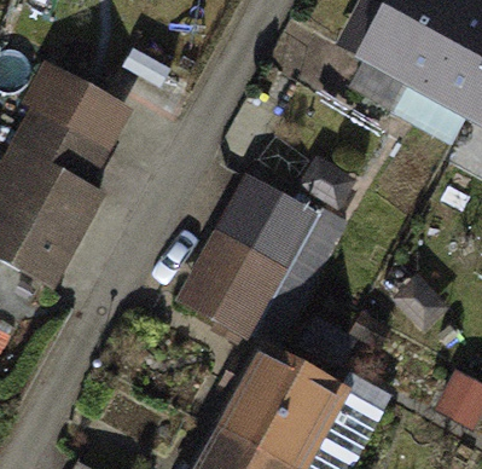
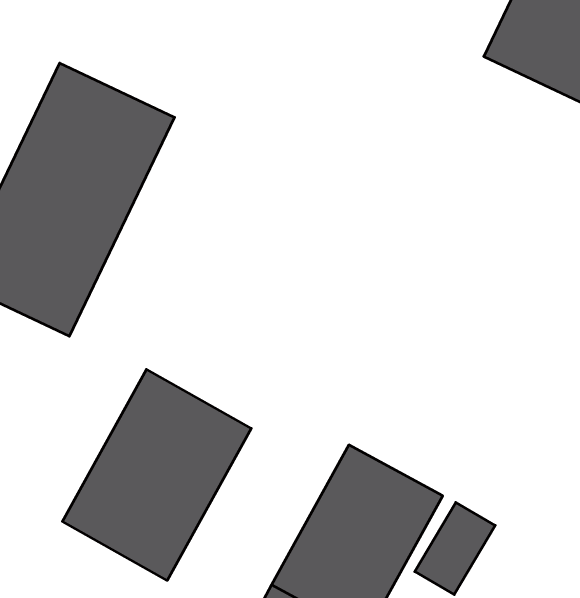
building: [180,179,307,332] -> none
building: none -> [62,369,251,580]

